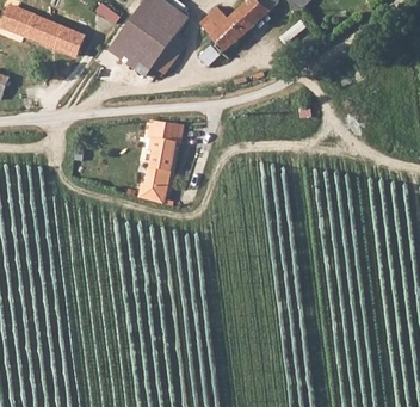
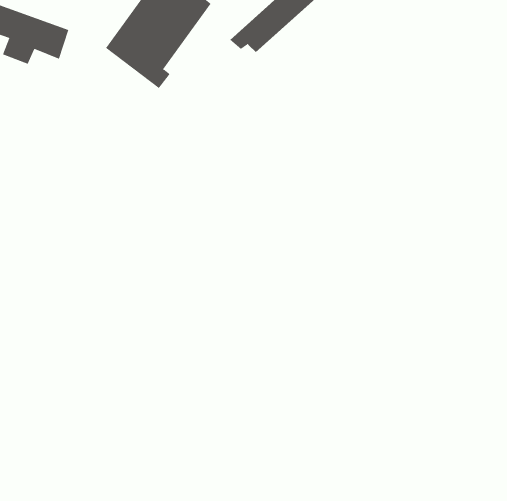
building: [141,118,181,204] -> none

